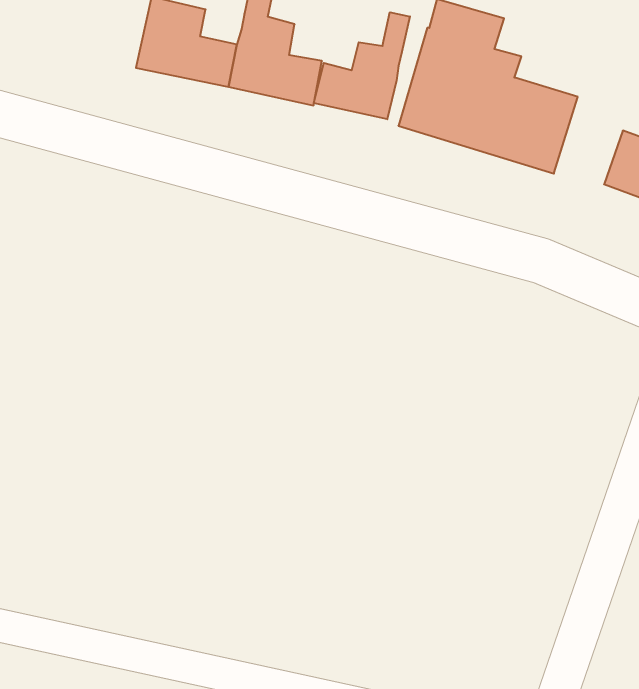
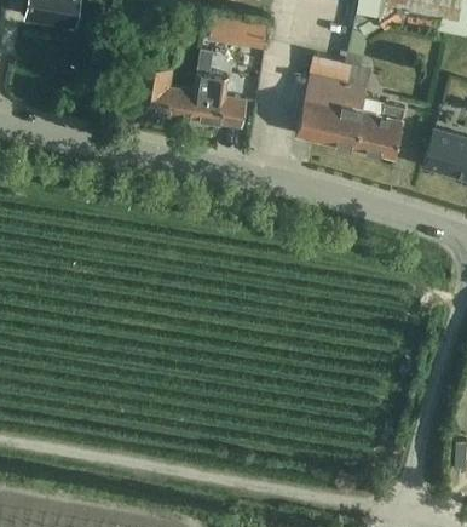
building: [314,12,410,119] -> none

